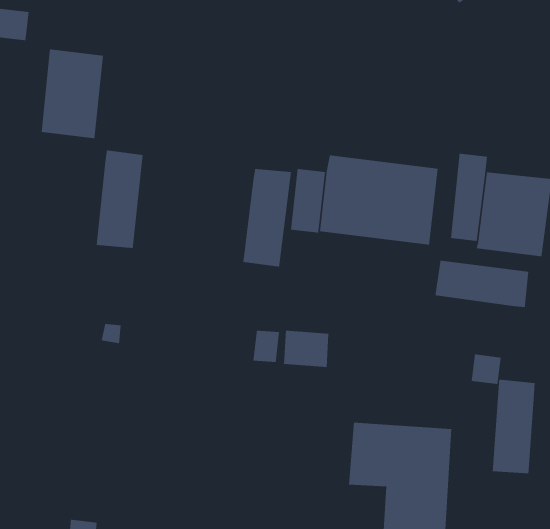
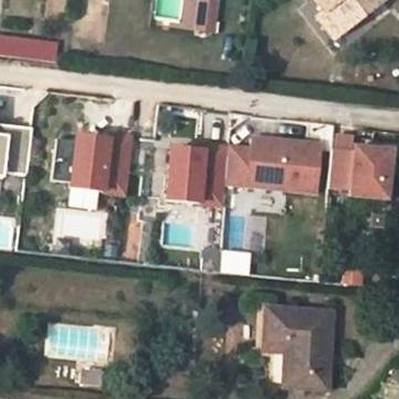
building: [41,49,104,139] -> [66,134,107,192]
building: none -> [160,146,202,203]
building: [435,260,529,308] -> none
building: [492,379,535,474] -> none

